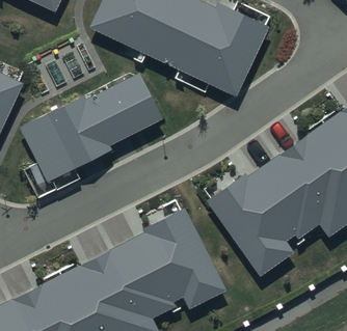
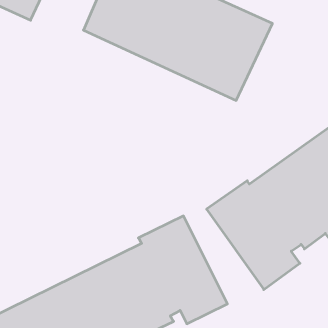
building: [19,68,162,178] -> none

